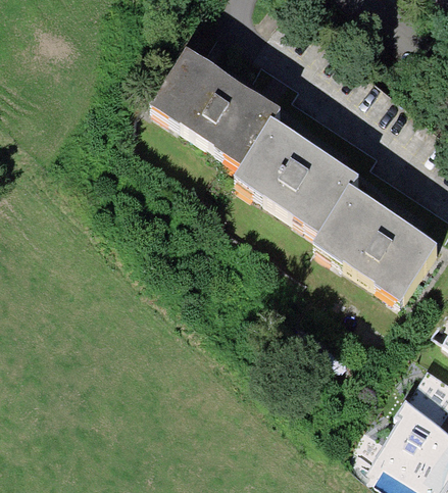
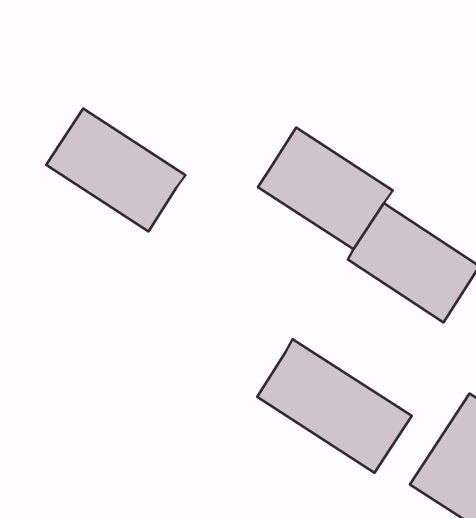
building: [153,54,280,165] -> [46,109,186,231]
building: none -> [257,339,412,473]

